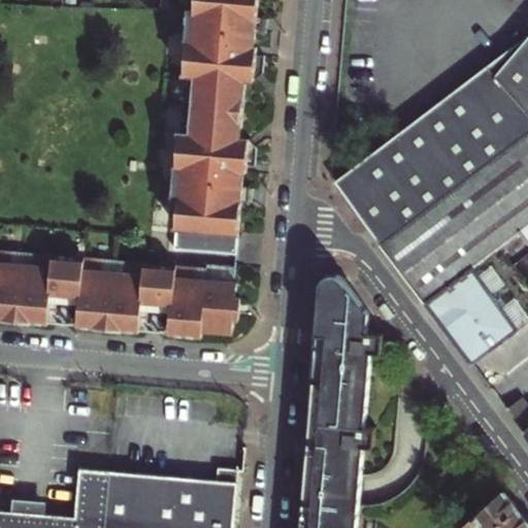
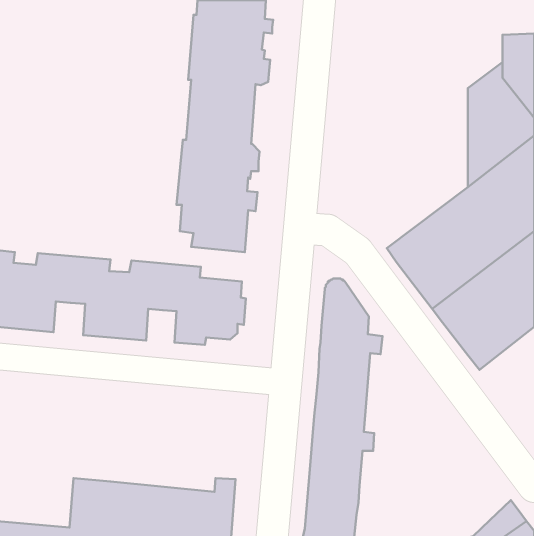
building: [333,88,459,244] -> none

